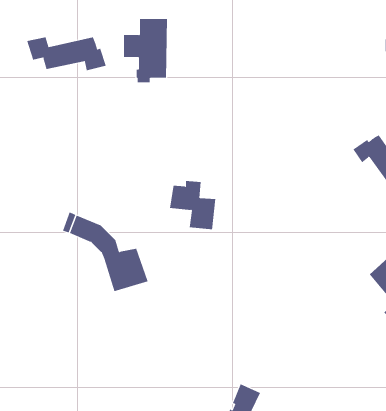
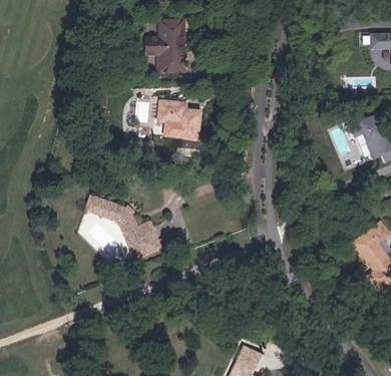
building: [27,36,107,71] -> none
building: [169,181,216,230] -> [158,96,200,139]

